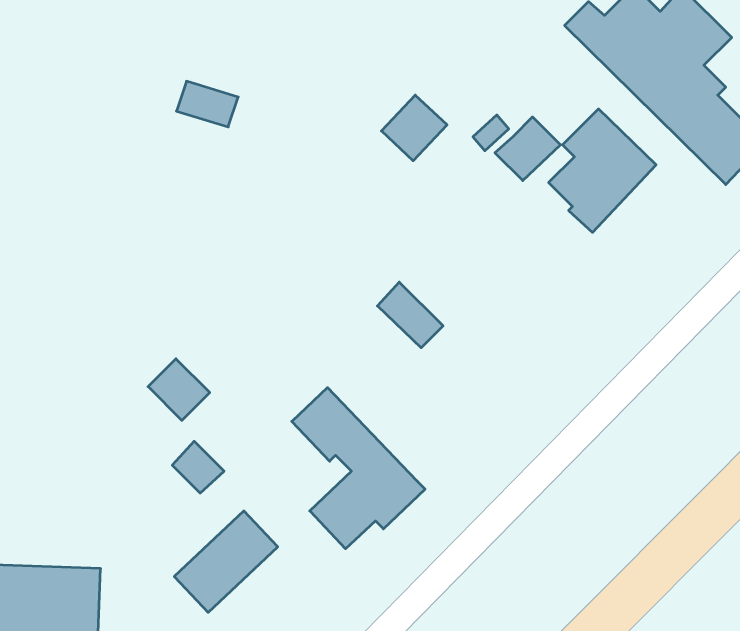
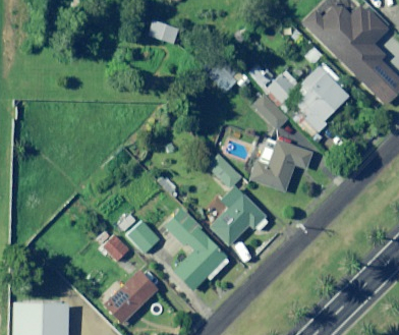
building: [176,81,238,127] -> [150,20,181,44]
building: none -> [253,94,290,130]
building: none -> [251,141,314,192]
building: none -> [211,186,267,245]
building: [148,359,210,420] -> [128,222,160,254]

